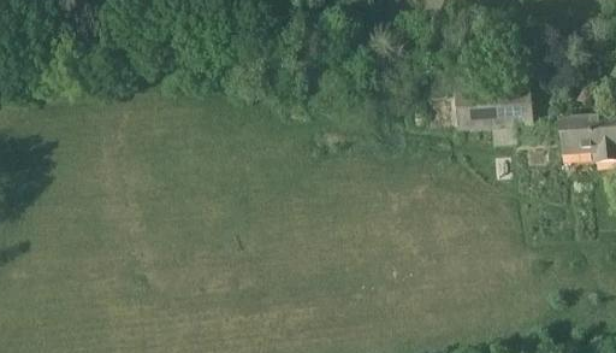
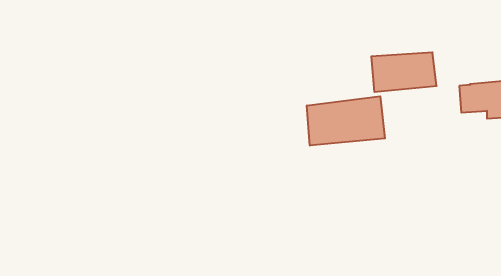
building: none -> [307,96,385,146]

